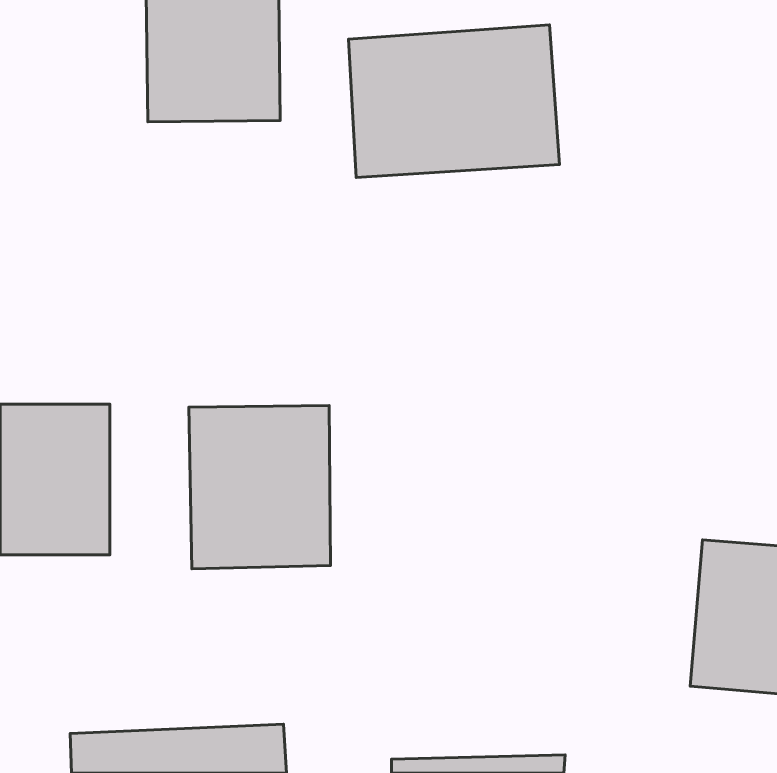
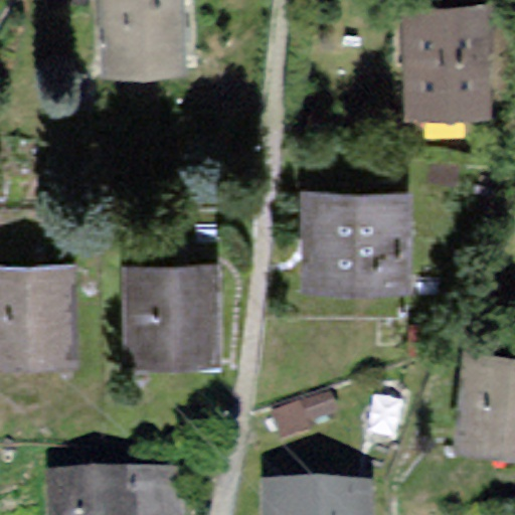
building: none -> [396,4,493,126]
building: [348,25,559,177] -> none
building: none -> [300,190,414,294]

